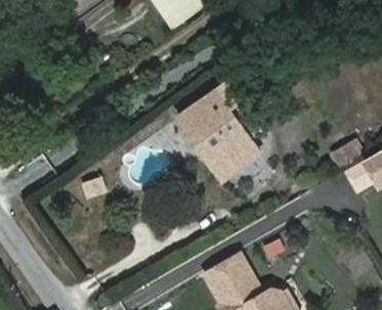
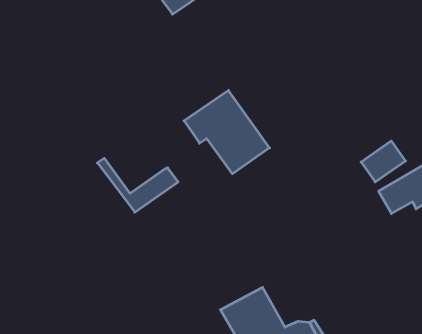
building: [186,127,257,174] -> [97,158,178,212]

